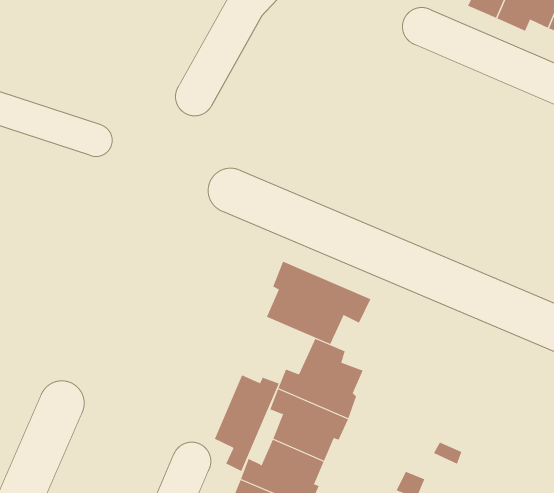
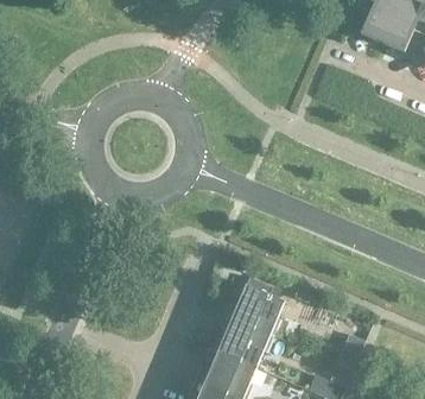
building: [266,261,371,345] -> none
building: [214,375,280,472] -> none

